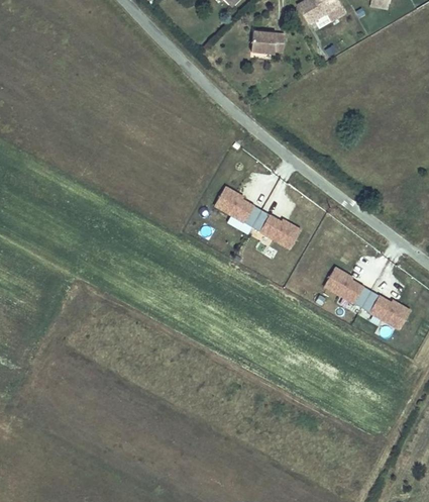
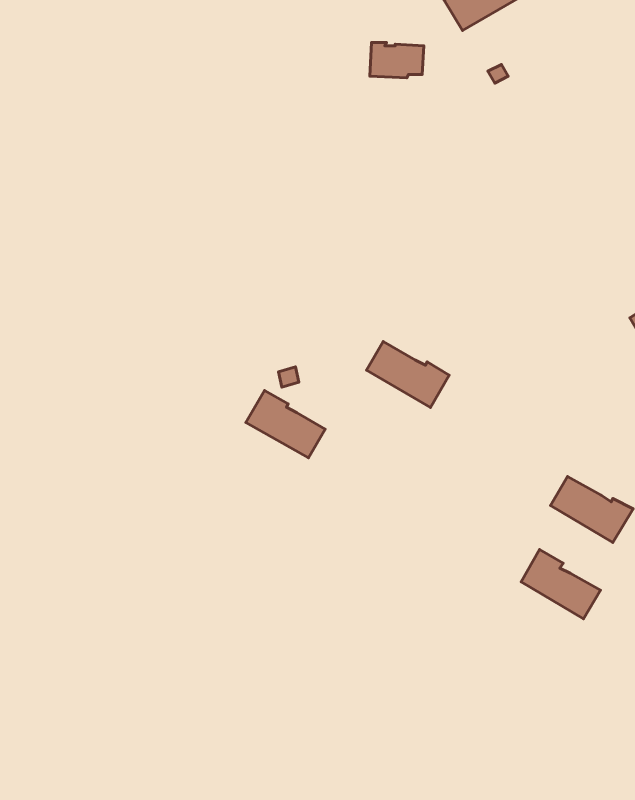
building: [213,186,260,226] -> [246,390,325,458]
building: [323,266,370,307] -> [521,550,600,619]

